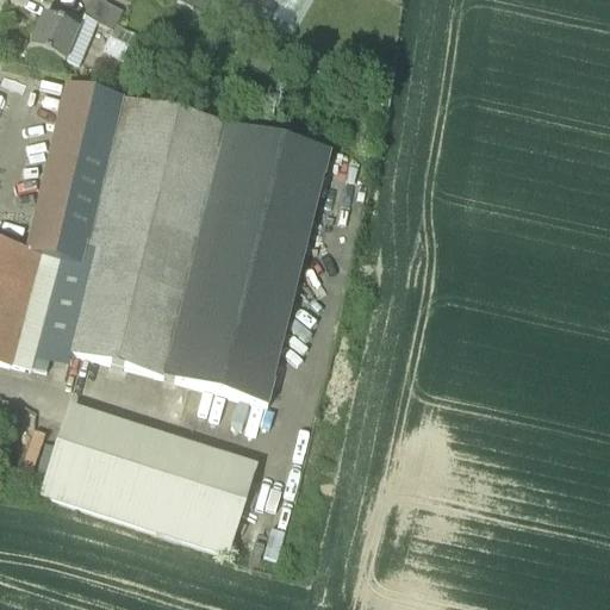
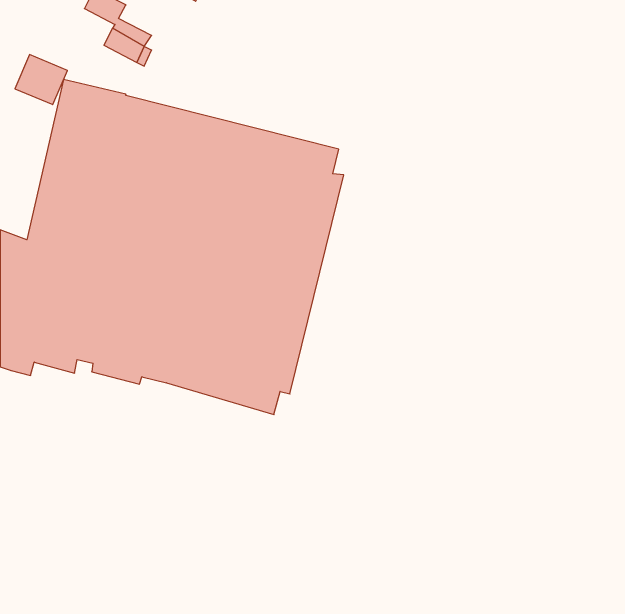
building: [27,7,79,56] -> [15,55,67,105]
building: [37,399,256,553] -> none

